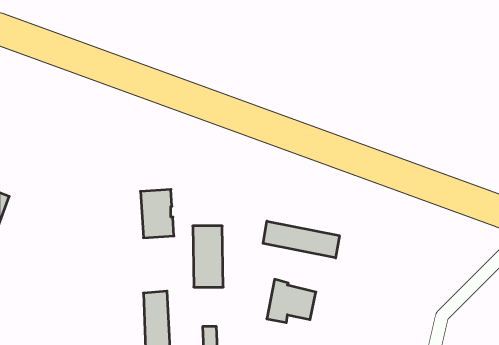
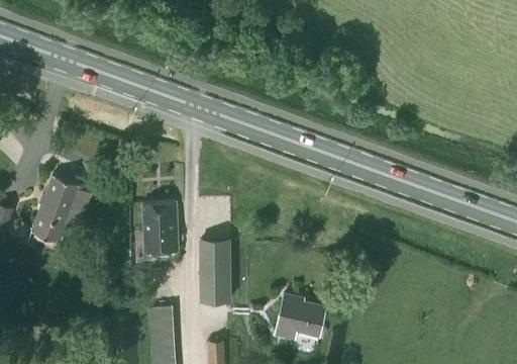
building: none -> [30,176,91,243]
building: [263,221,339,258] -> none

